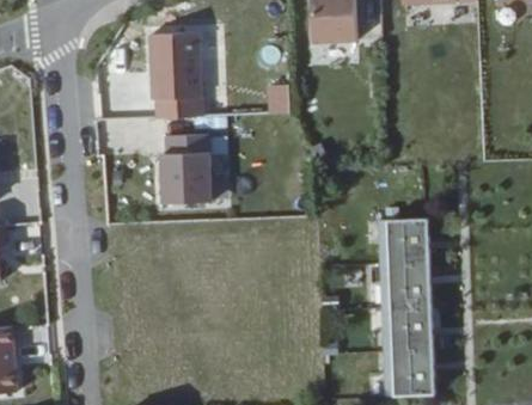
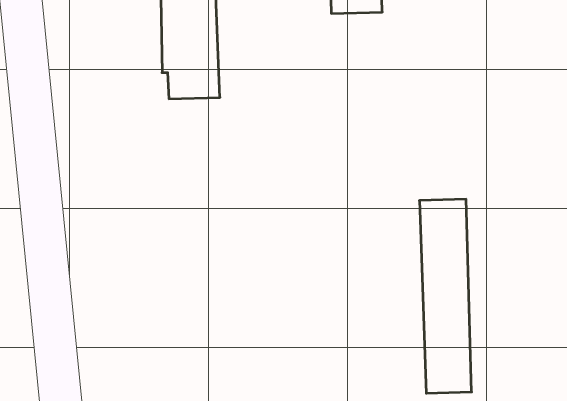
building: [169,131,218,186] -> none

